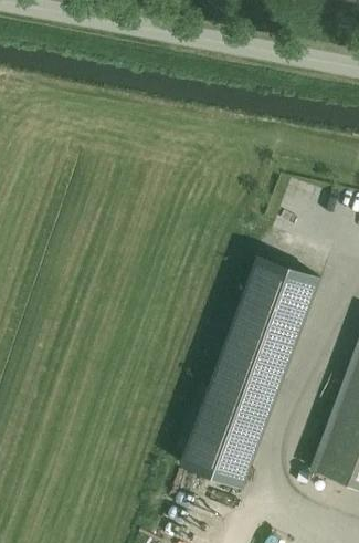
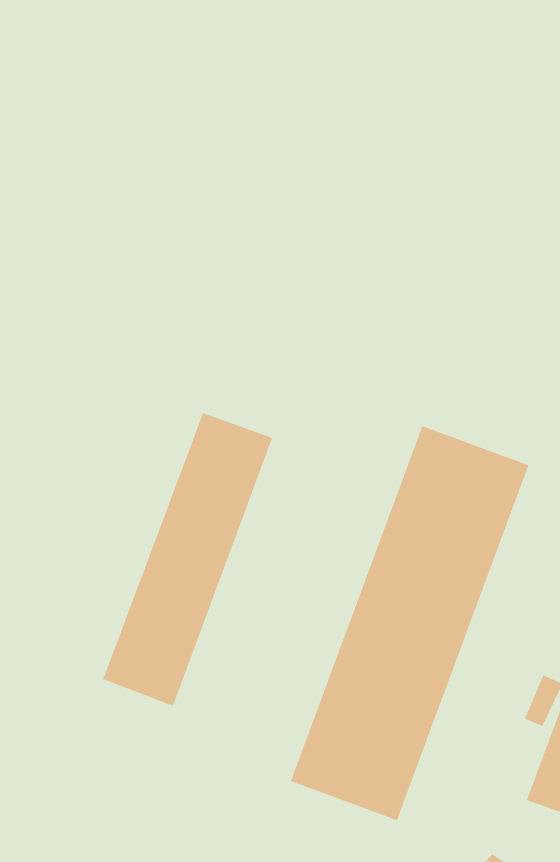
building: none -> [102,412,273,707]

